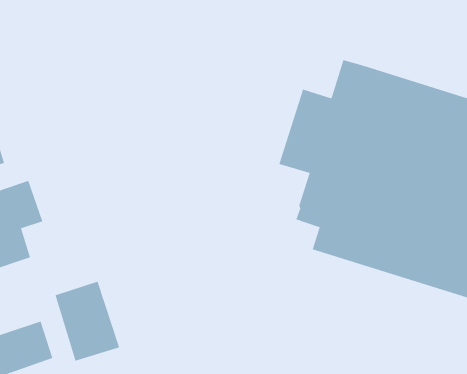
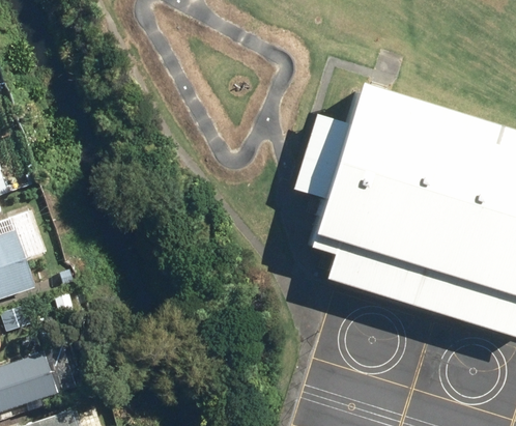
building: [55,281,120,362] -> none

